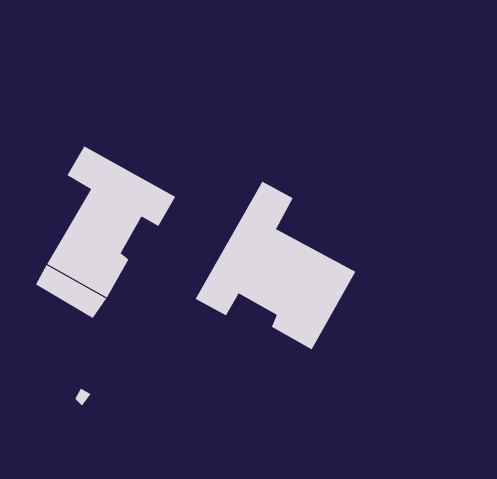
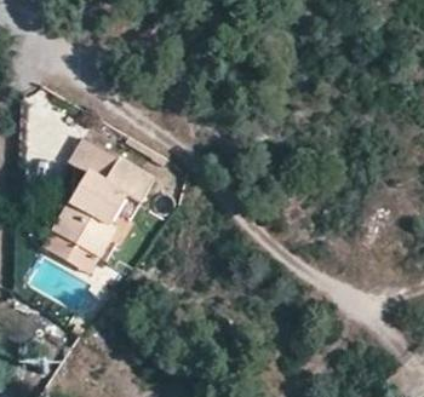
building: [195,181,356,350] -> none

